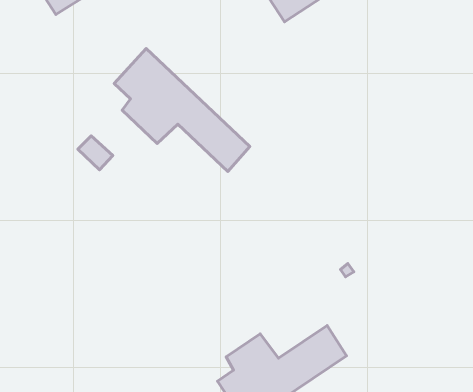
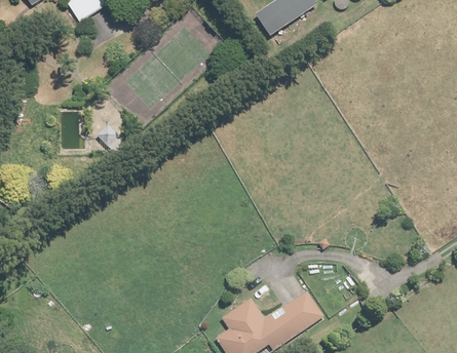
building: [114,49,250,171] -> none

